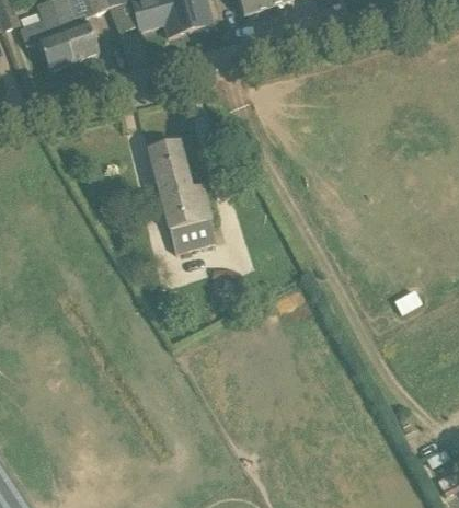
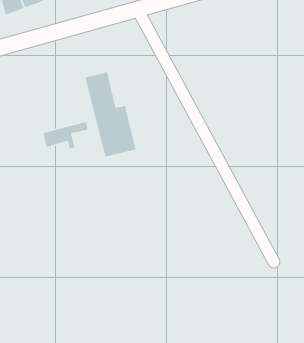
building: none -> [42,121,89,149]

